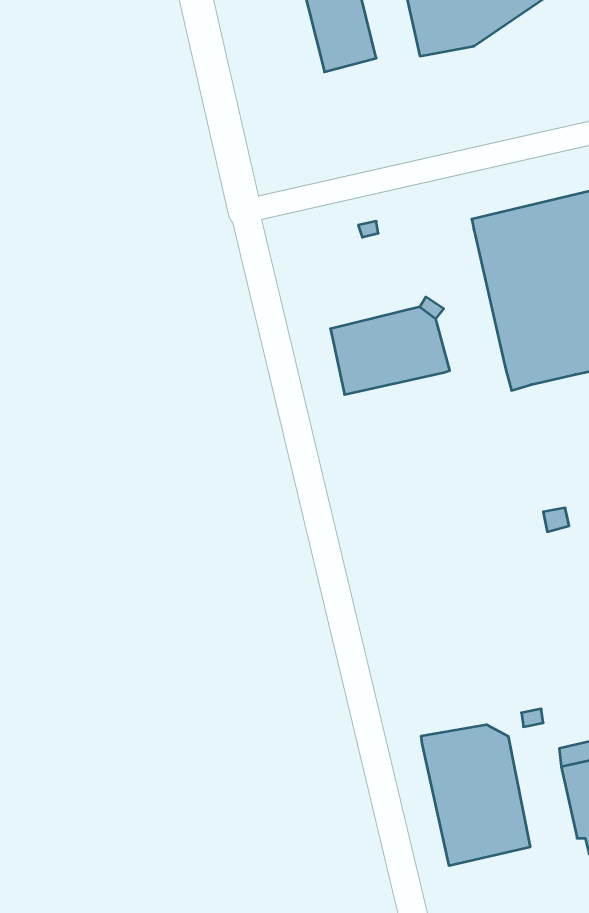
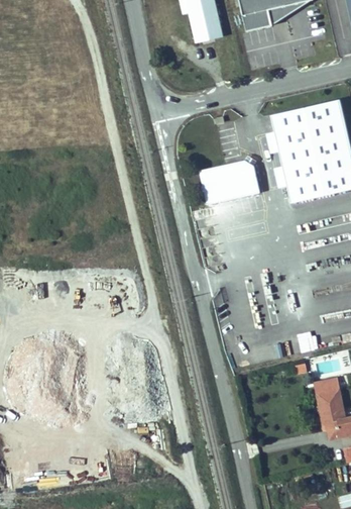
building: [421,725,530,866] -> none

